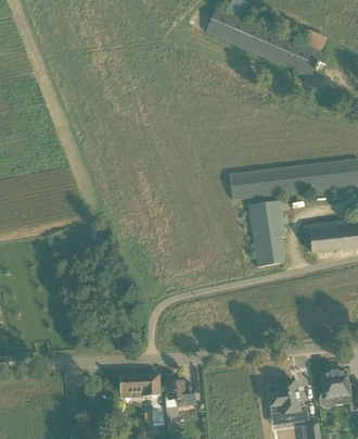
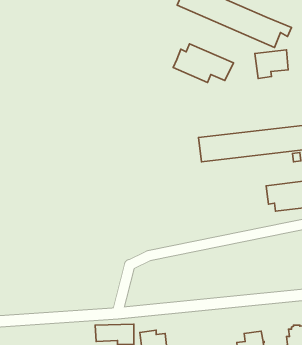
building: none -> [173,44,234,83]
building: none -> [255,50,288,79]
building: [248,201,285,267] -> none

